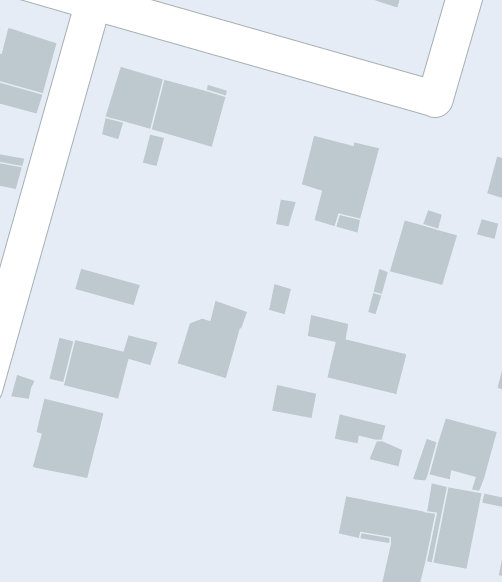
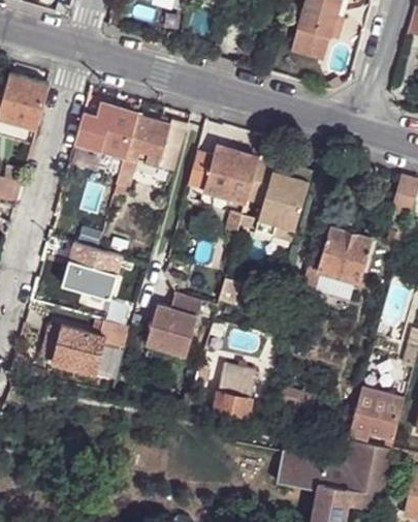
building: none -> [186,147,256,208]
building: none -> [67,243,122,280]
building: [307,314,407,395] -> none
building: [32,398,104,479] -> none
building: none -> [214,382,254,417]

